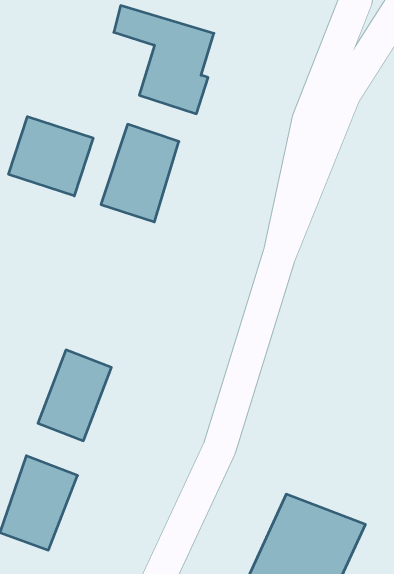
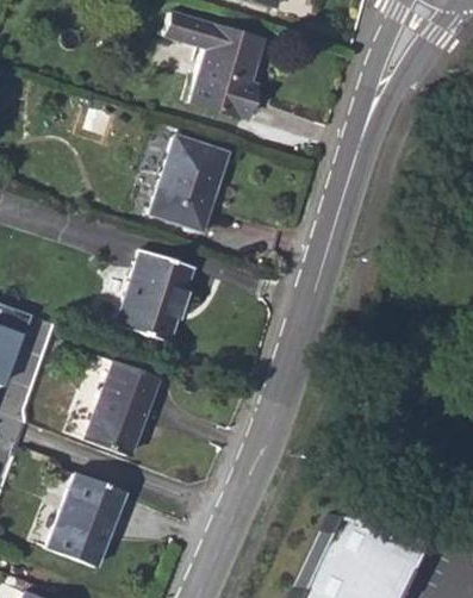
building: [9,117,93,196] -> none
building: none -> [119,250,197,341]

